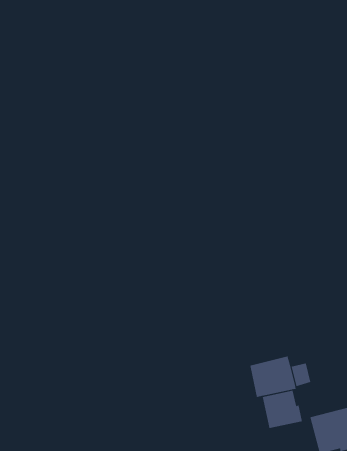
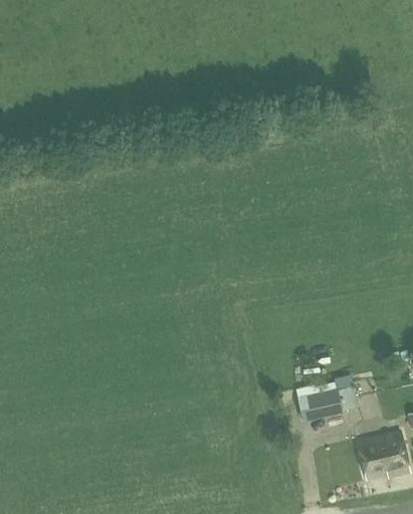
building: [262,390,303,429] -> none

